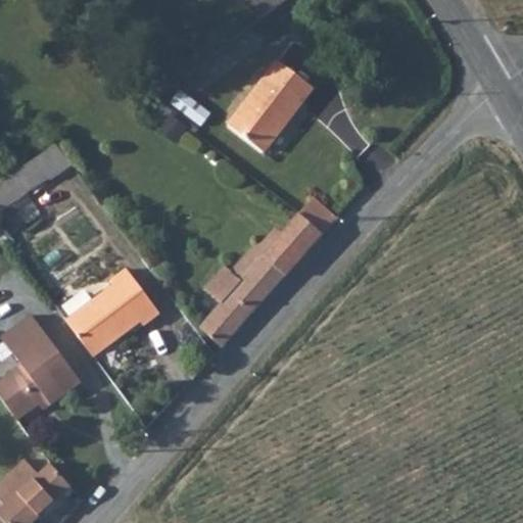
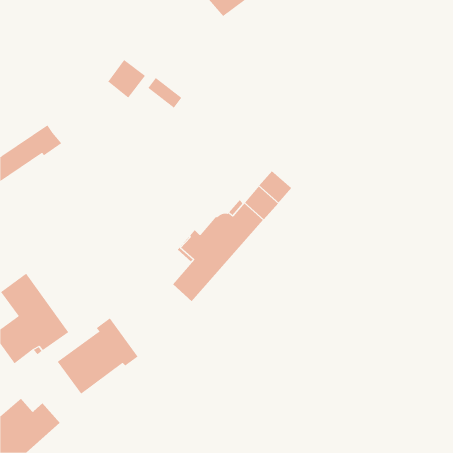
building: [227,59,313,151] -> none
building: none -> [107,59,146,98]
building: [64,268,158,356] -> [57,317,139,395]

